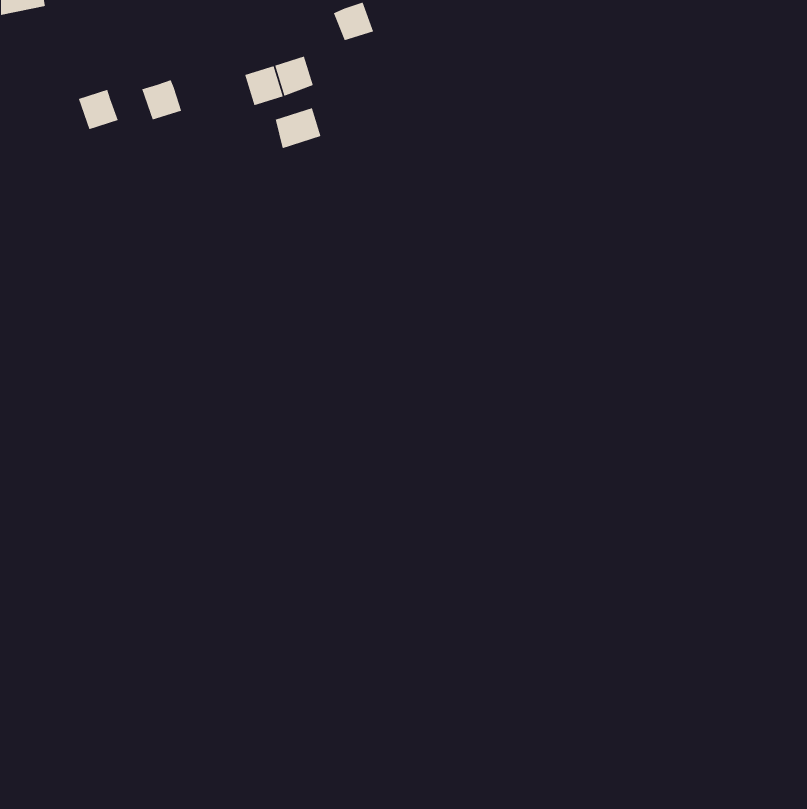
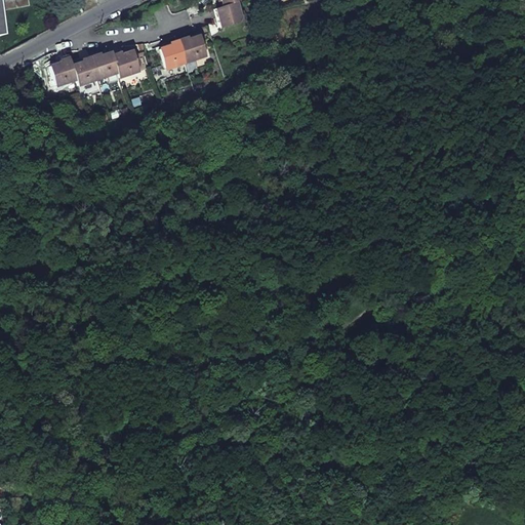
building: none -> [115,50,140,77]
building: none -> [74,57,100,84]
building: [275,107,322,149] -> none

